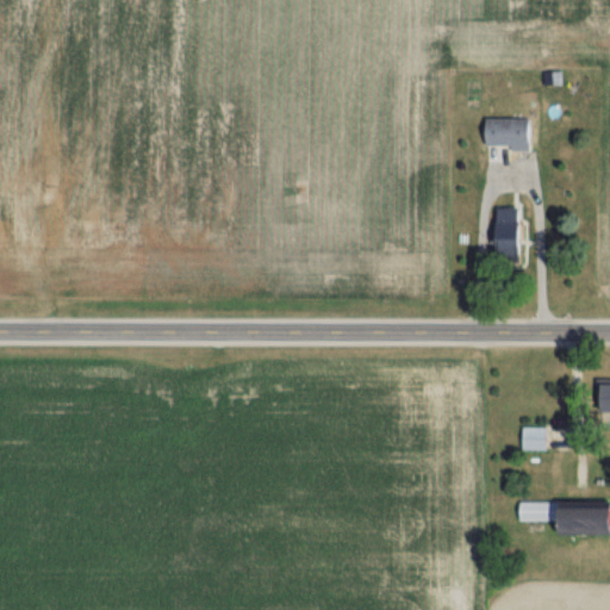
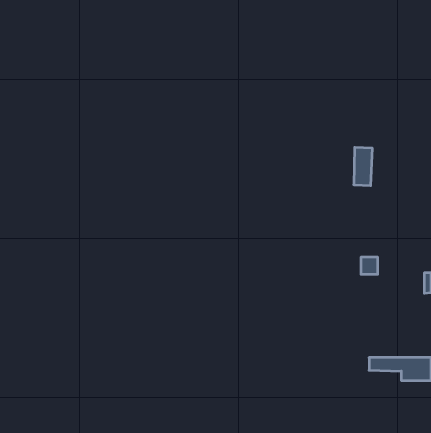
building: [485,118,531,149] -> none
building: [523,427,547,450] -> [361,257,378,274]

